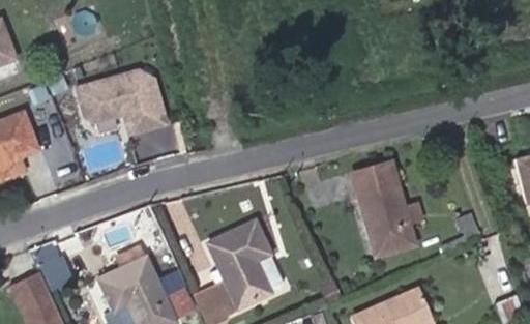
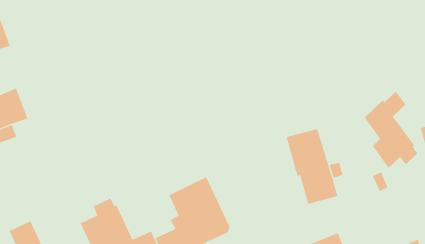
building: [73,69,172,140] -> none
building: none -> [364,91,418,169]
building: [33,242,72,290] -> none

